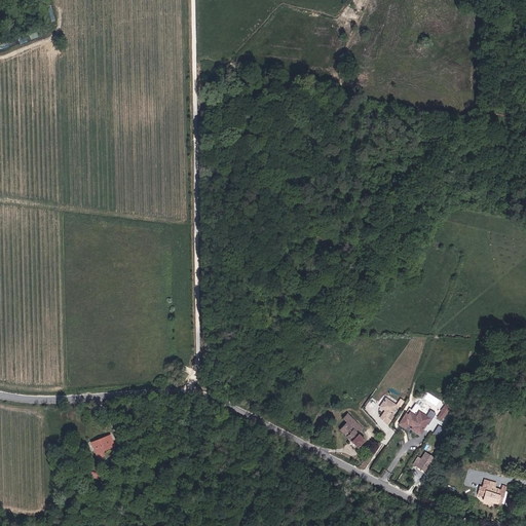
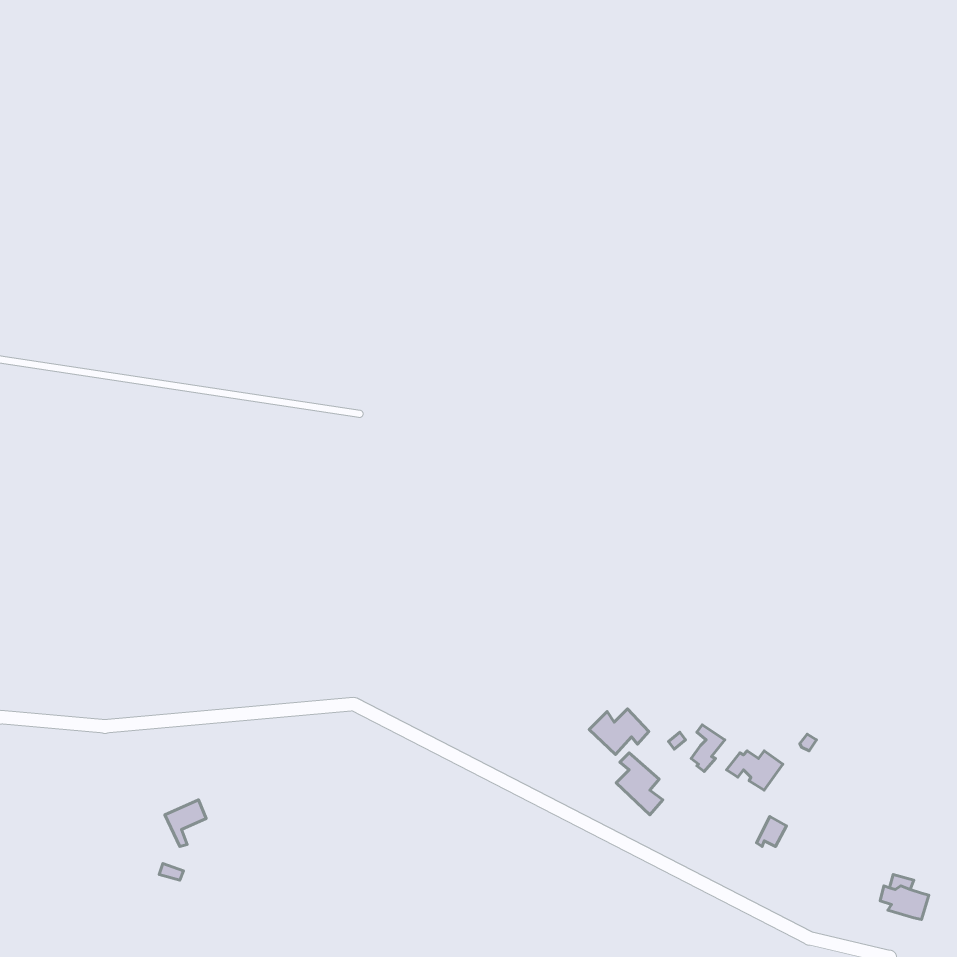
building: none -> [589,709,649,754]

